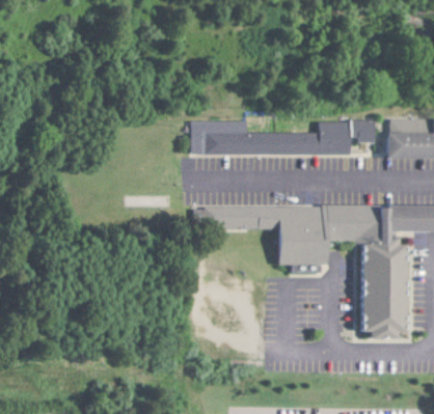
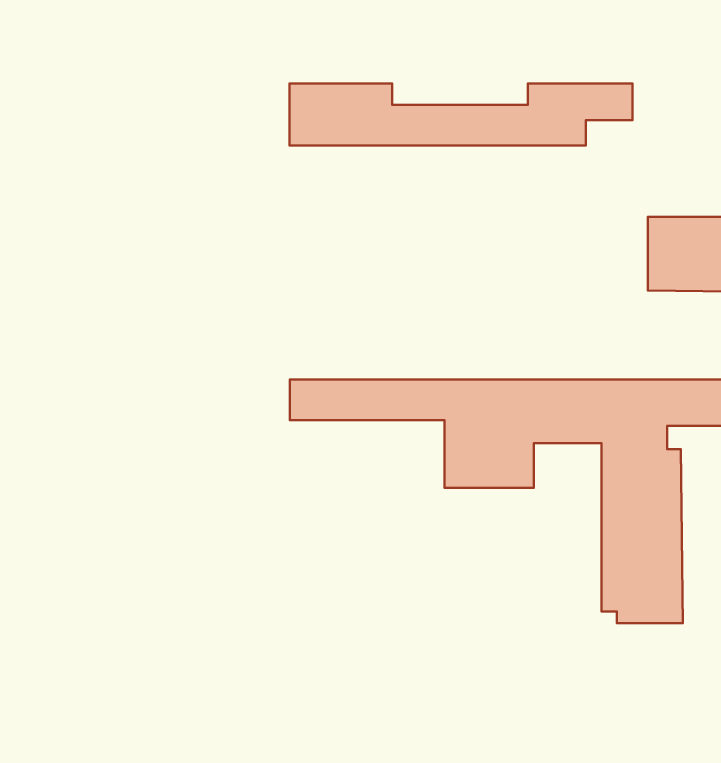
building: [192,120,376,154] -> [290,84,632,145]

